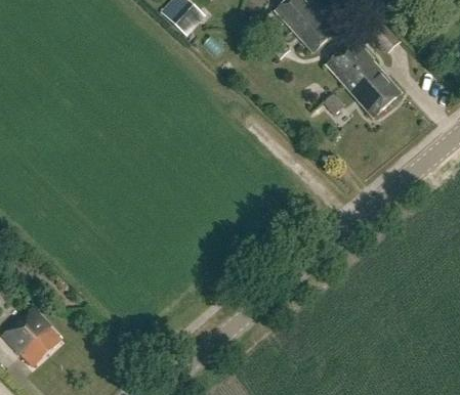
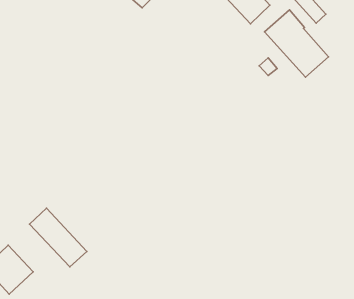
building: none -> [29,208,87,267]

